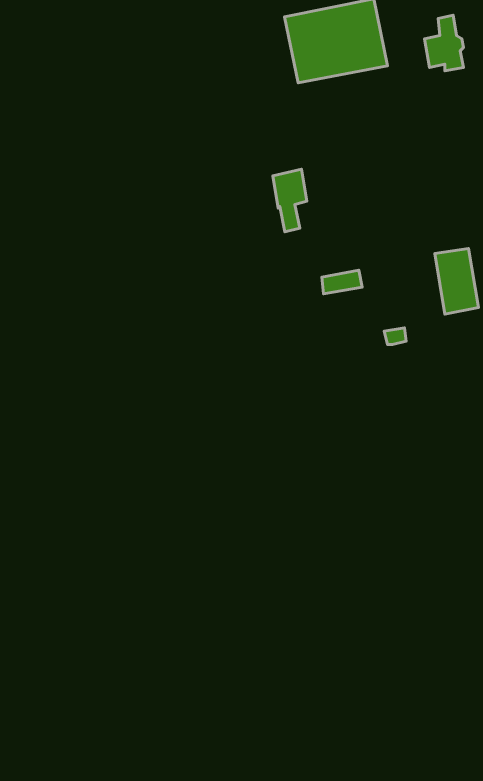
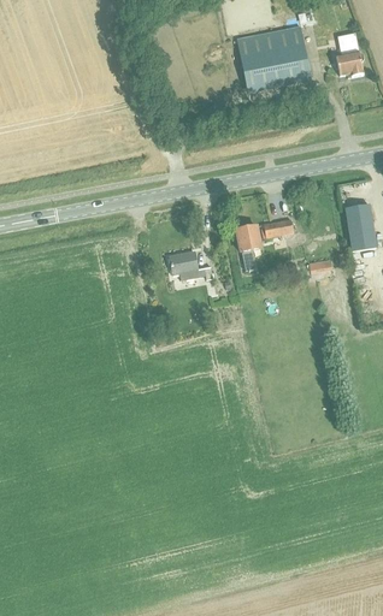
building: [273,169,307,232] -> [236,224,260,268]
building: none -> [169,250,212,278]

